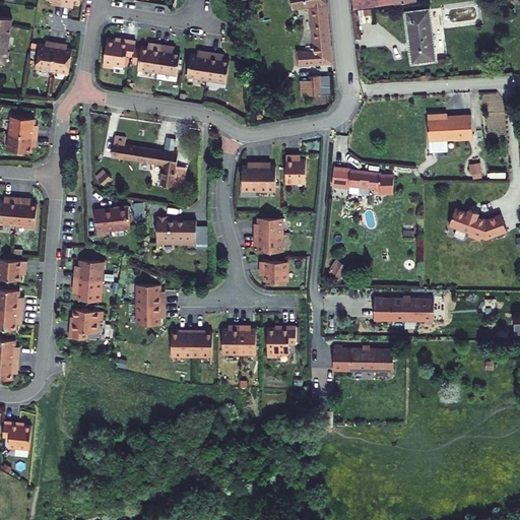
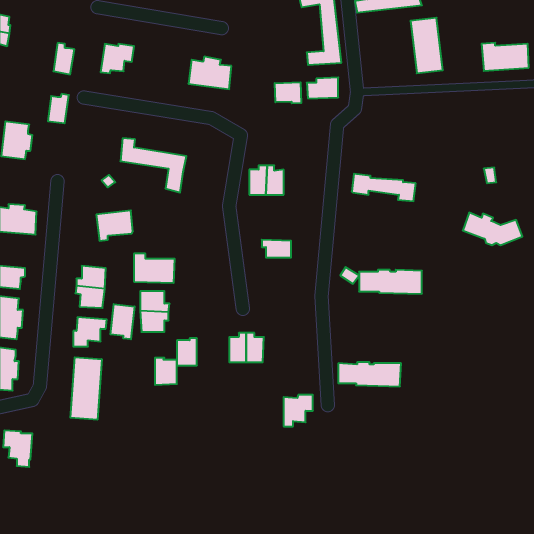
building: [36,41,56,69] -> [48,94,69,123]
building: [133,48,175,78] -> none
building: none -> [275,82,301,103]
building: [427,115,472,142] -> [482,43,529,71]
building: [285,154,306,181] -> none
building: [156,214,196,243] -> [134,254,175,283]
building: [254,216,282,234] -> none
building: [260,260,287,279] -> none
building: none -> [110,304,135,339]
building: [369,301,430,324] -> [359,270,422,294]
building: [267,324,296,354] -> [284,395,313,426]
building: [191,328,212,354] -> [155,358,177,385]
building: none -> [70,357,102,420]

